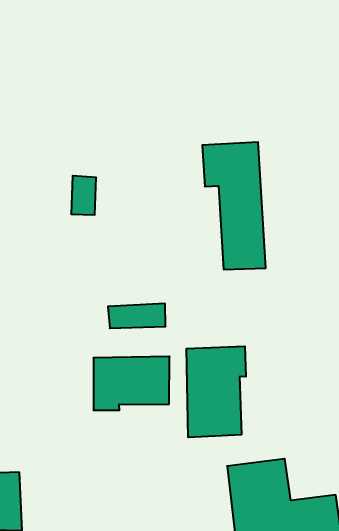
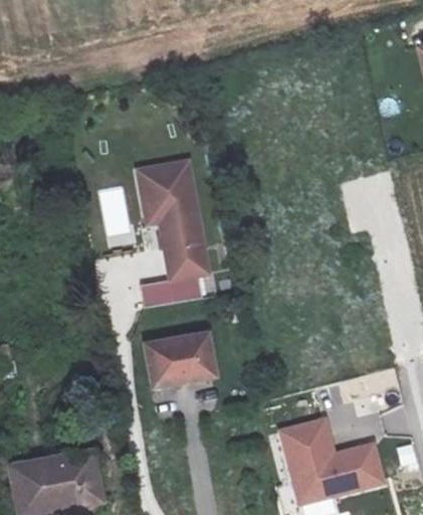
building: [202,142,266,269] -> [138,157,208,274]
building: [187,346,246,437] -> none

